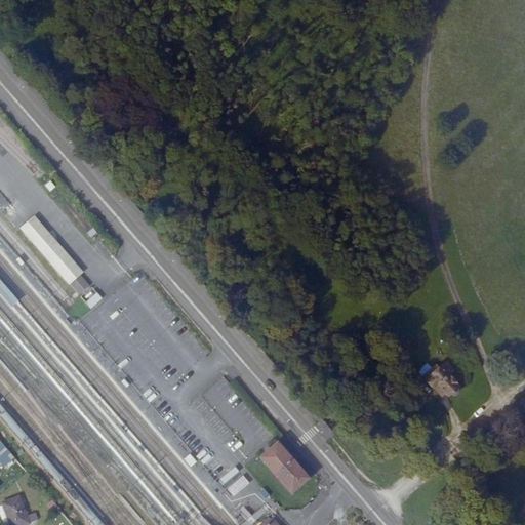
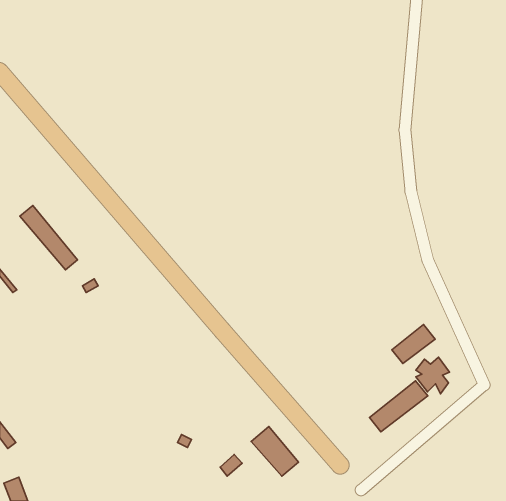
building: none -> [392,325,435,364]
building: none -> [369,381,428,432]

